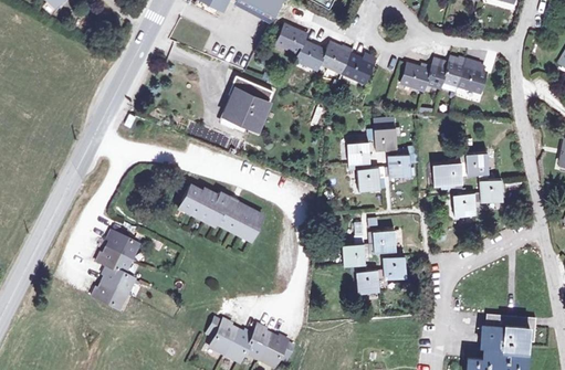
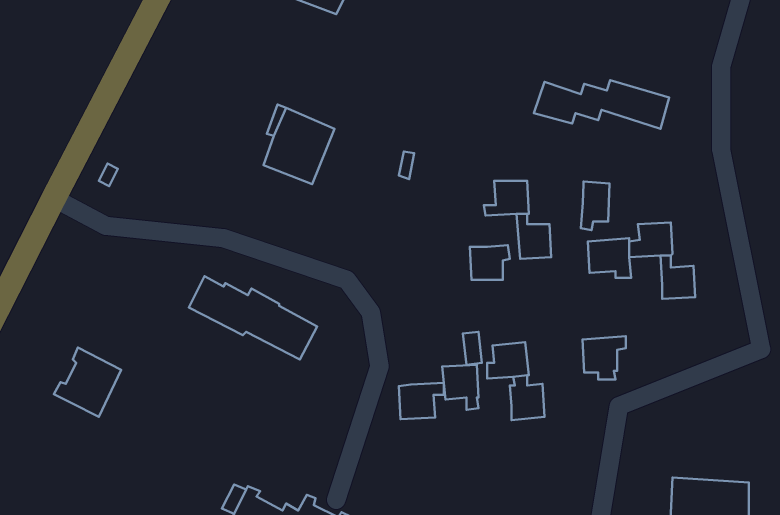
building: [276,24,374,82] -> none
building: none -> [581,182,609,230]
building: [346,139,369,167] -> none
building: [453,191,481,219] -> [583,336,626,379]
building: [87,266,132,310] -> none
building: [356,268,385,292] -> [399,383,444,419]

